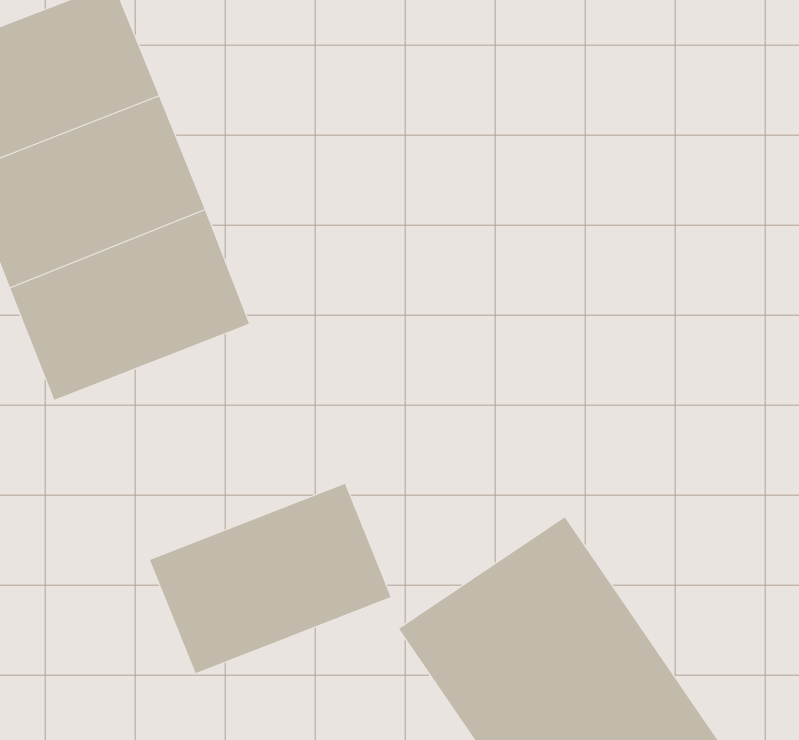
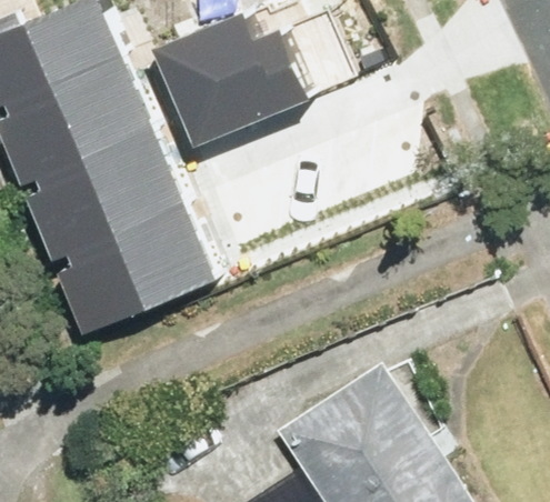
building: none -> [162,14,310,144]
building: [149,483,391,674] -> [52,218,210,342]

